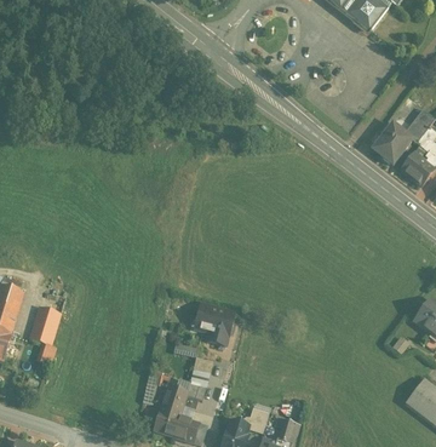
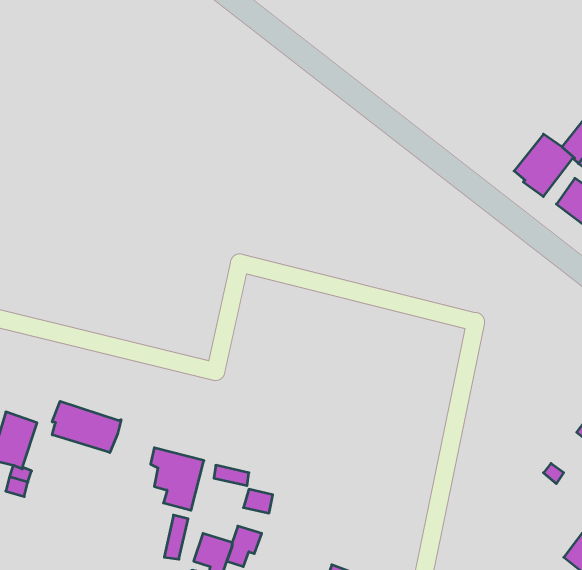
building: none -> [52,401,121,453]
building: [197,303,233,344] -> [151,448,204,510]

